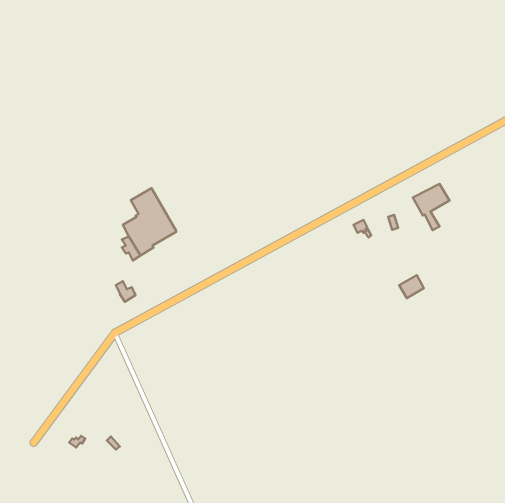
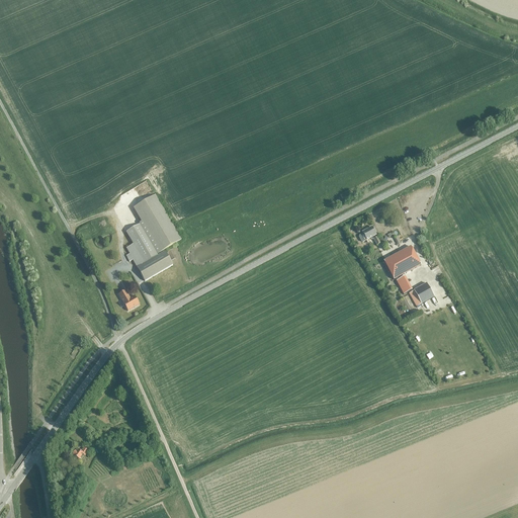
building: [413,184,449,230] -> [382,245,420,292]
building: none -> [136,249,172,279]

